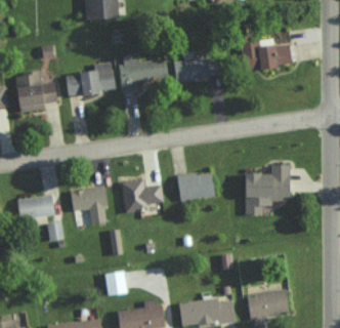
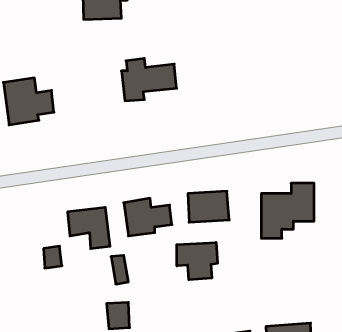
building: [241,38,292,71] -> none
building: [175,51,213,81] -> none
building: [65,62,116,97] -> none
building: [17,195,55,219] -> none
building: none -> [177,242,217,280]

